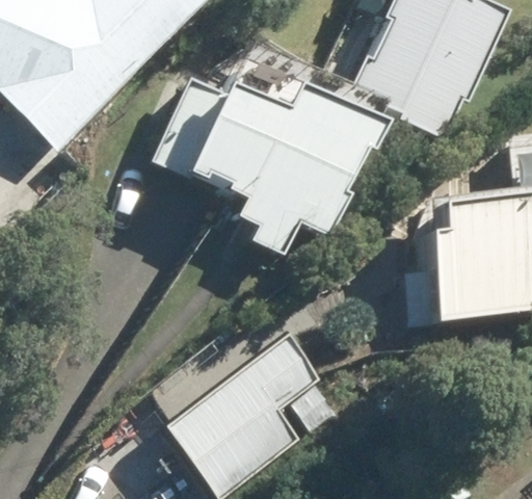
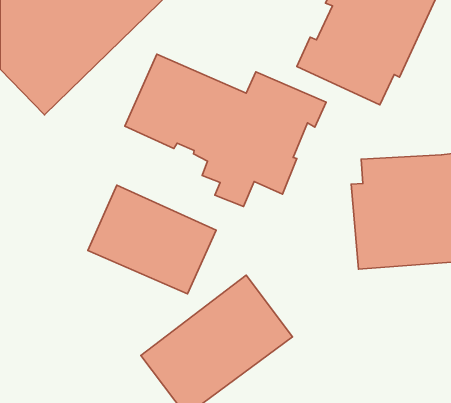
building: none -> [88,185,216,294]

